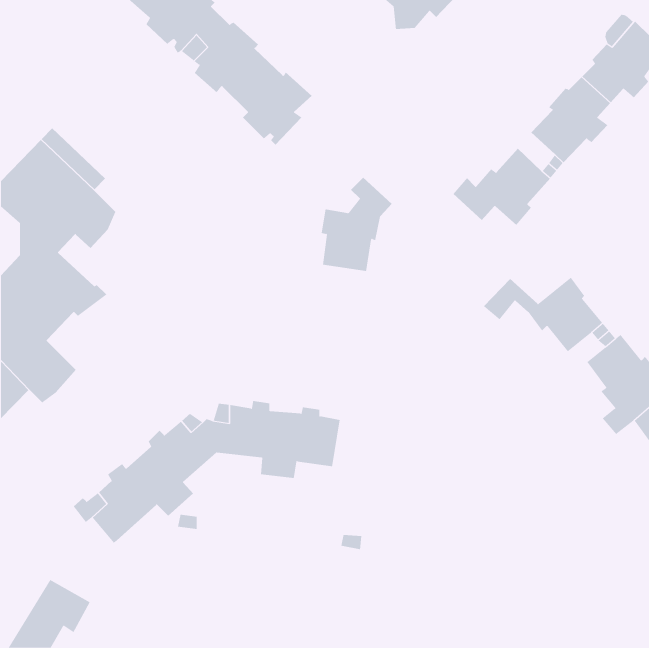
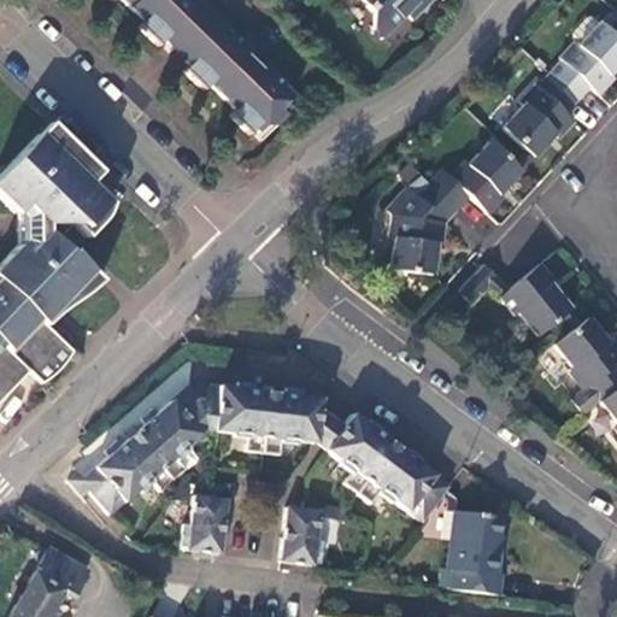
building: [321,177,392,271] -> [390,183,458,272]
building: none -> [327,411,452,521]
building: none -> [182,494,227,552]
building: none -> [282,505,324,563]
building: none -> [448,507,503,593]

